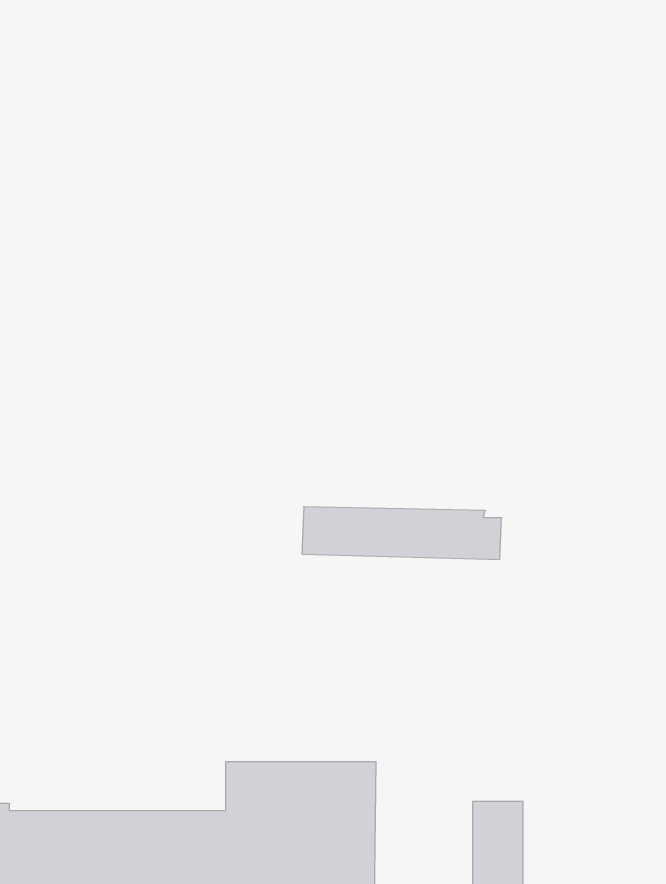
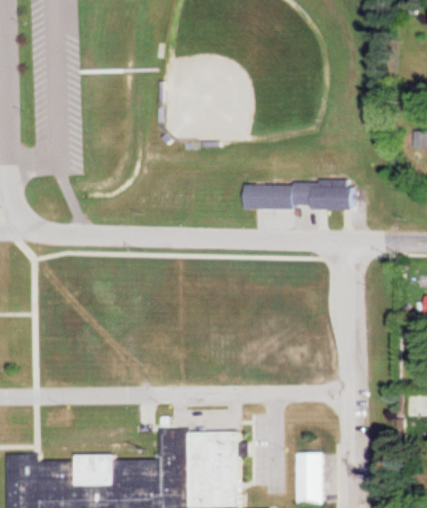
building: [302,507,502,559] -> [244,182,354,211]

